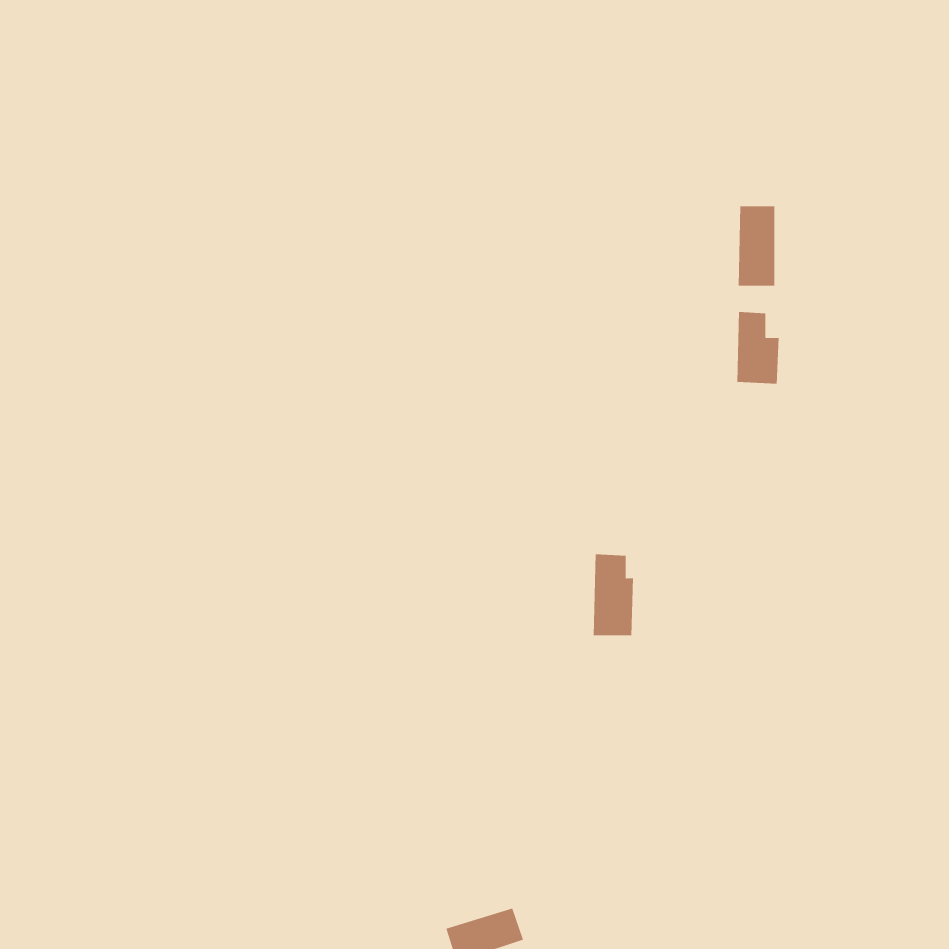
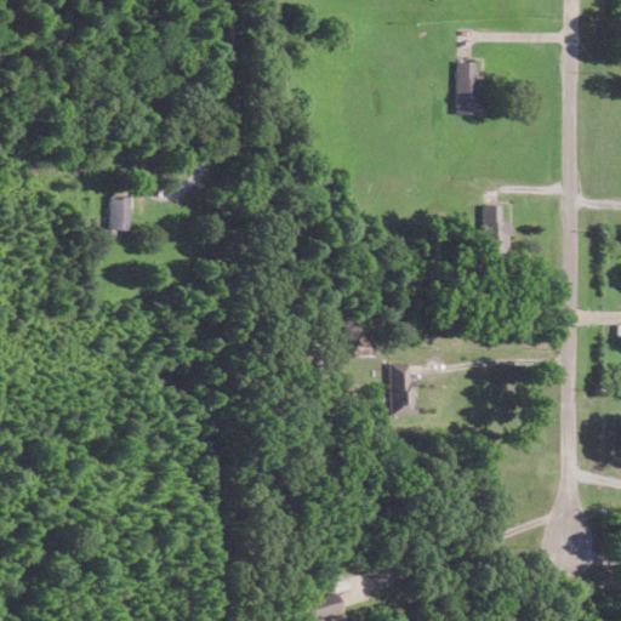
building: [738,206,775,286] -> [455,62,479,114]
building: none -> [109,196,130,230]

